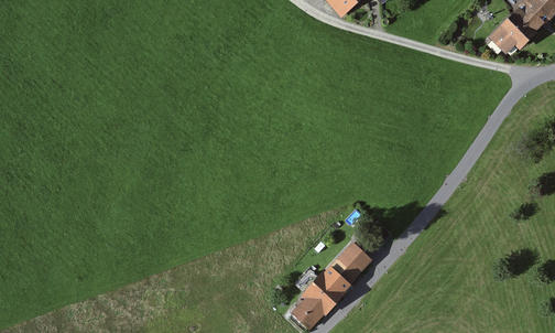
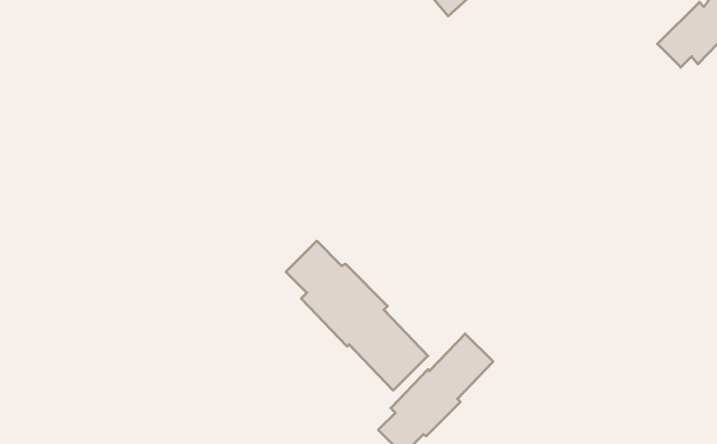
building: none -> [286,241,428,390]

